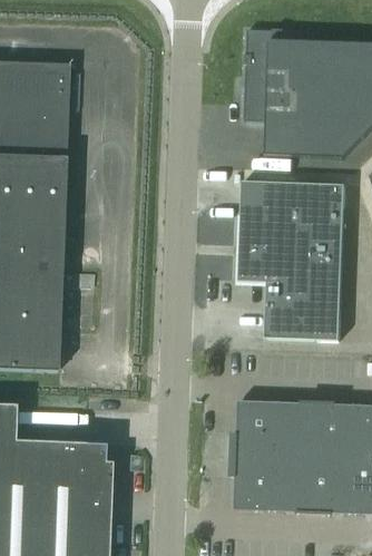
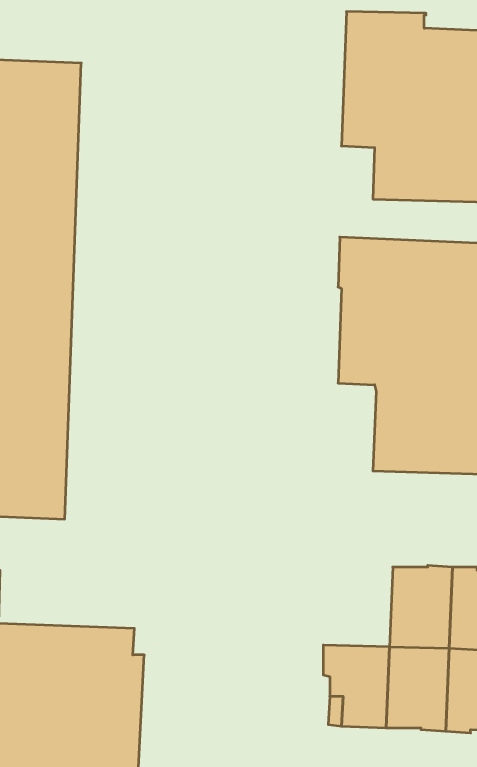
building: [231,400,277,456] -> none

